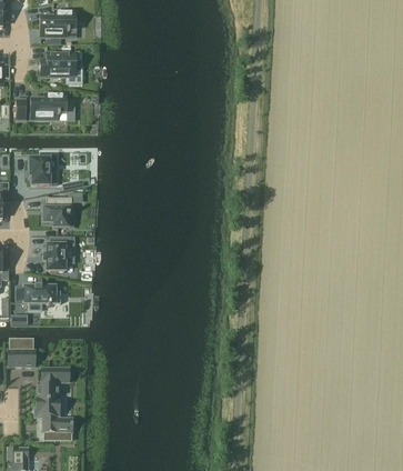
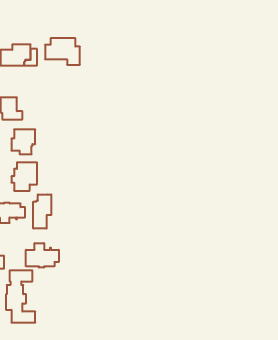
building: [40,51,82,83] -> [45,38,80,65]
building: none -> [33,194,51,229]
building: none -> [26,243,59,268]

